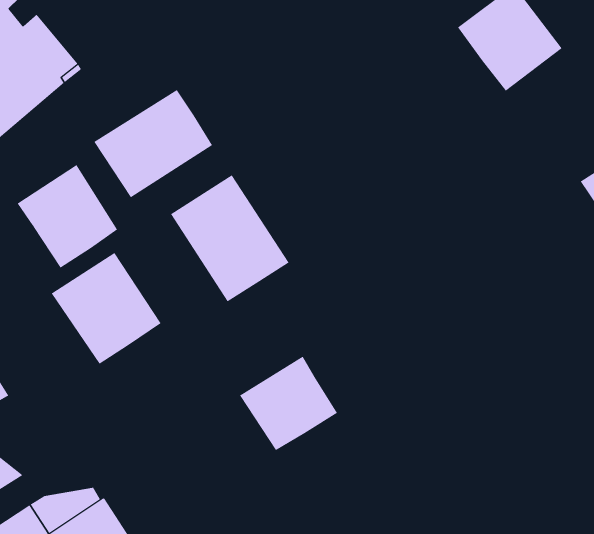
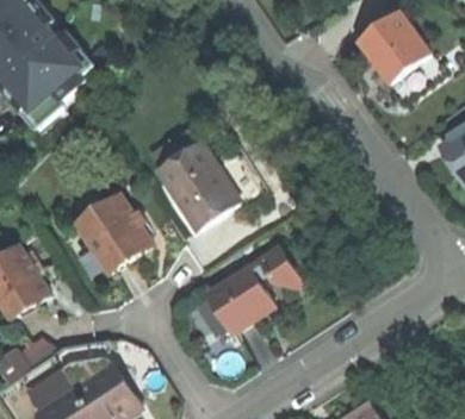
building: [94,89,213,198] -> none
building: [17,164,118,268] -> none
building: none -> [249,245,303,287]

